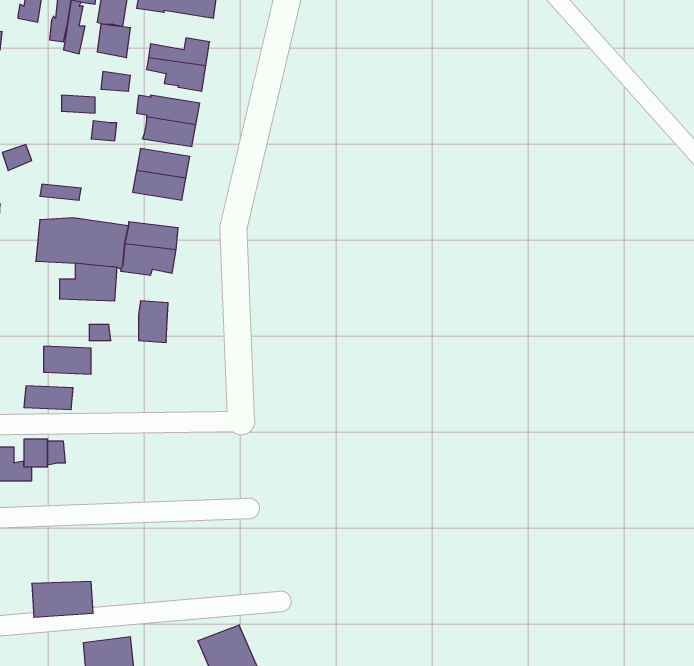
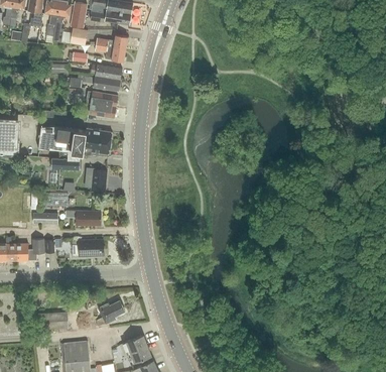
building: none -> [66,211,100,225]
building: none -> [72,239,103,255]
building: none -> [96,299,124,326]

